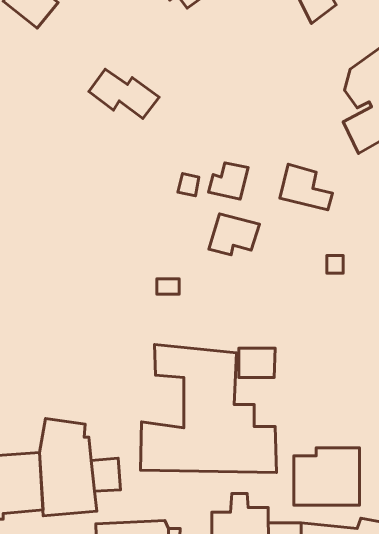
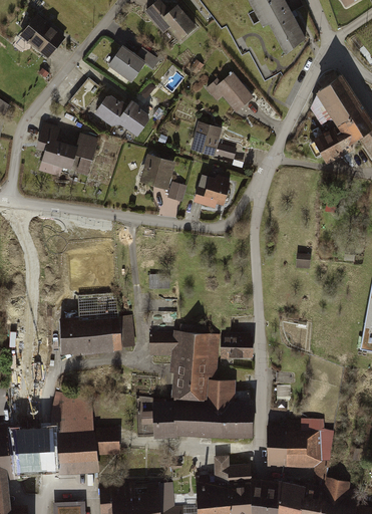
building: none -> [107,45,162,84]
building: none -> [206,74,254,112]
building: none -> [38,122,99,176]
building: none -> [140,155,176,191]
building: [280,164,333,210] -> [193,122,238,162]
building: [209,214,260,255] -> none
building: none -> [60,293,137,354]

